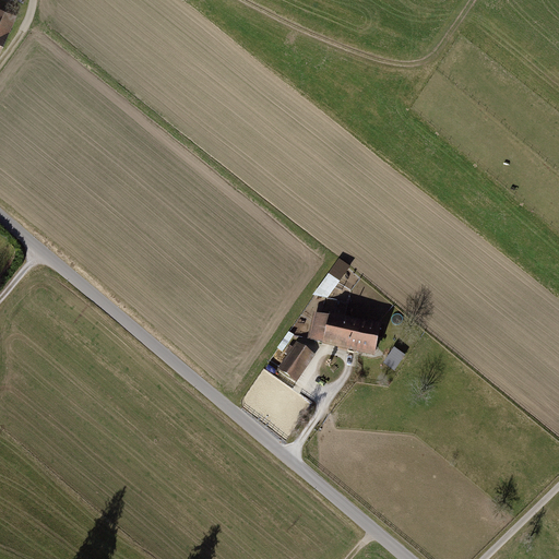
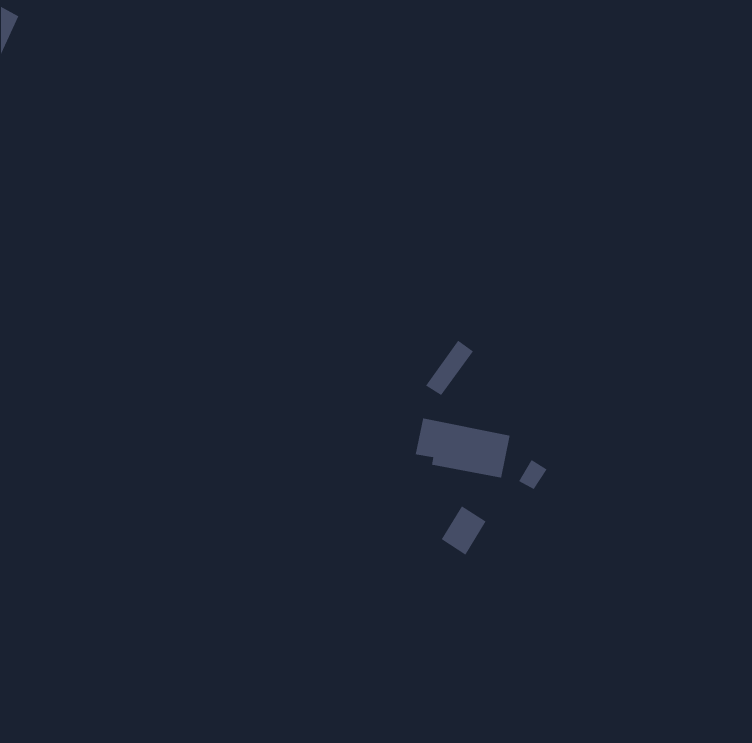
building: [278,341,312,378] -> [441,505,486,555]

